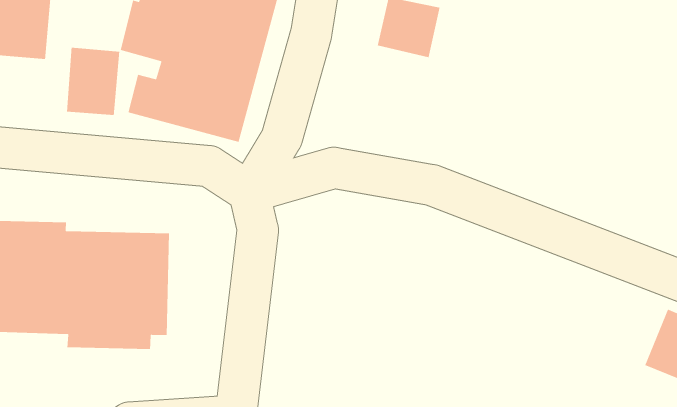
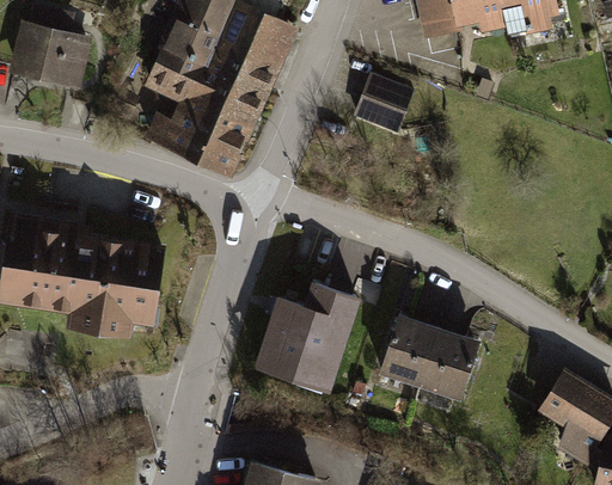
building: [66,47,120,116] -> none
building: none -> [252,281,360,392]
building: none -> [379,313,479,400]

